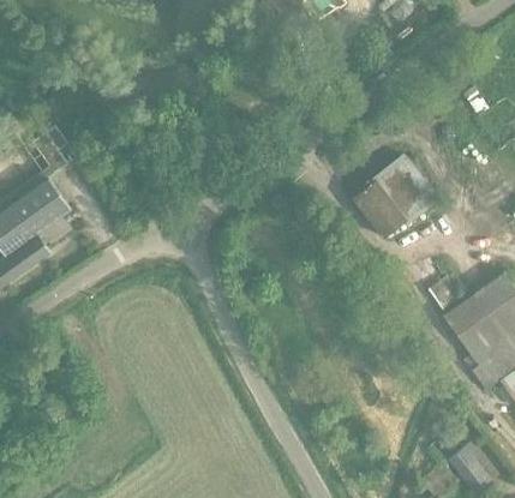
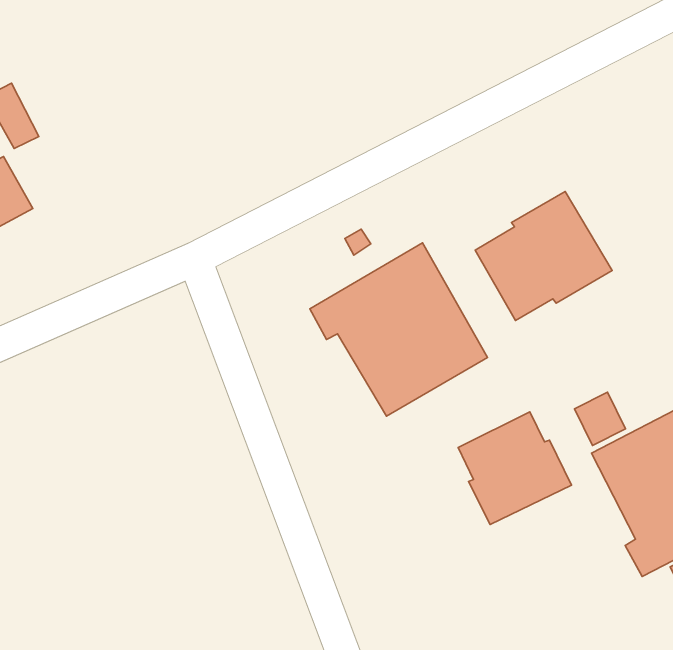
building: none -> [310,243,487,416]
building: none -> [458,412,572,525]

